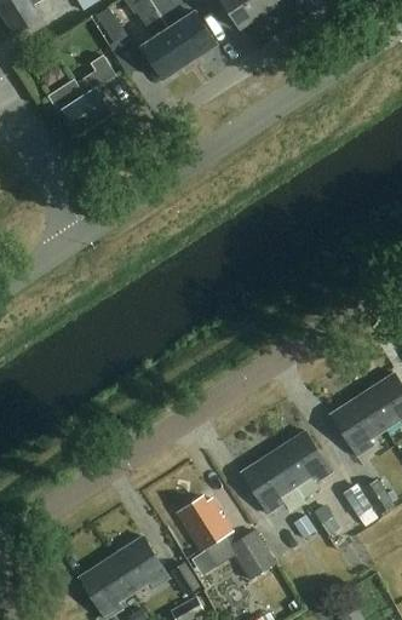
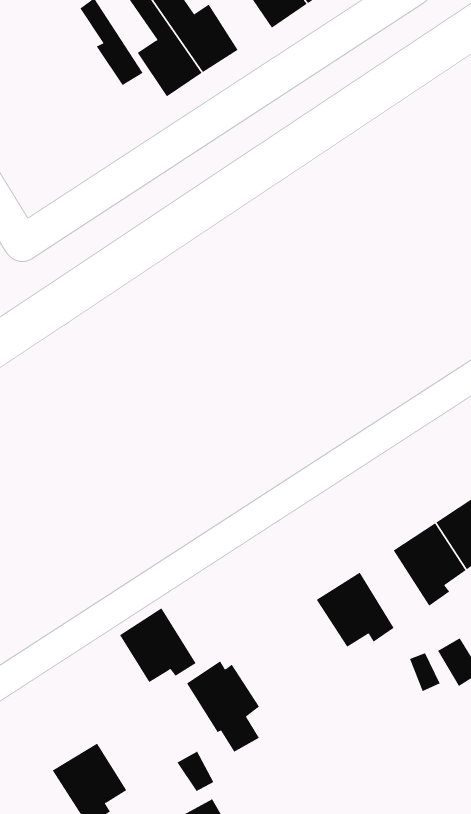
building: [48,56,115,134] -> none
building: [242,450,297,512] -> none
building: [229,528,276,579] -> none
building: [113,535,170,591] -> [119,607,196,683]

